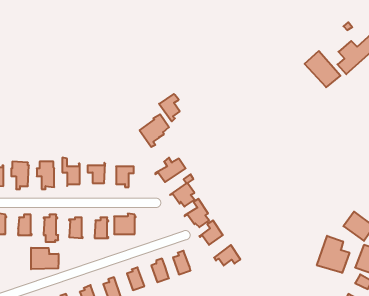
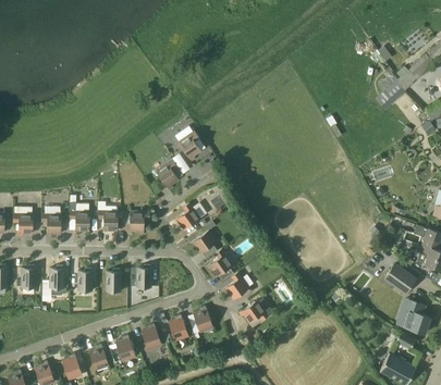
building: [305,51,340,87] -> none
building: [317,236,349,273] -> none
building: [31,248,58,269] -> none

